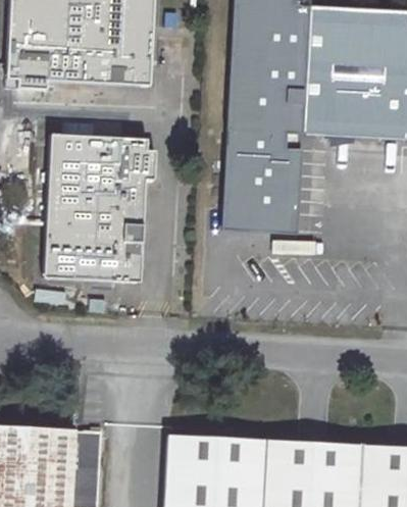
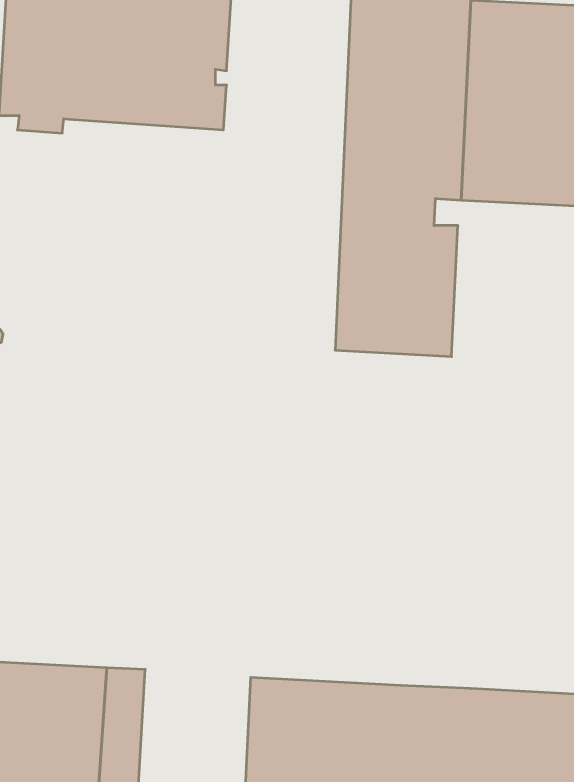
building: [43,135,157,285] -> none

